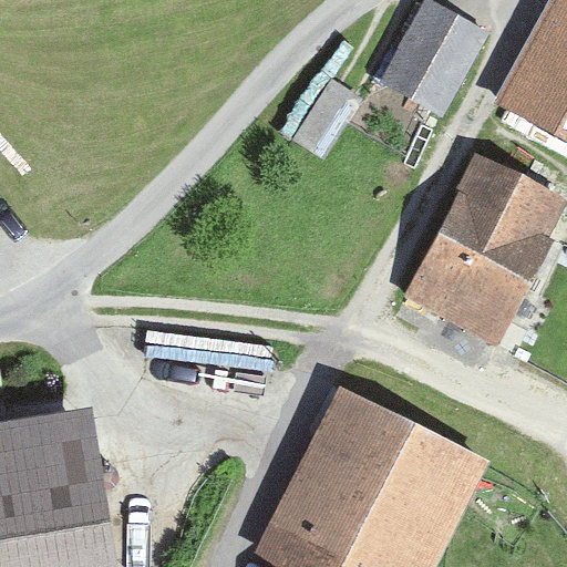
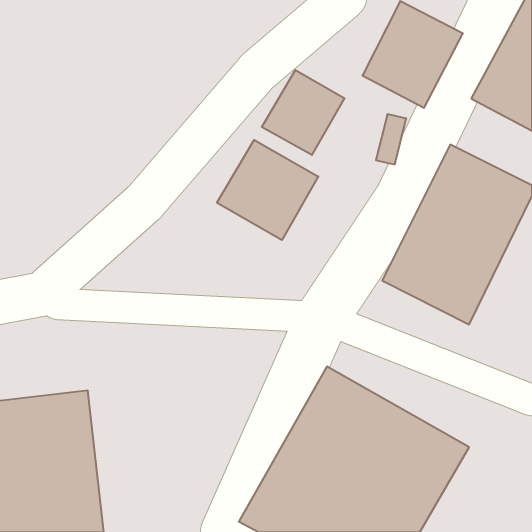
building: none -> [217,140,318,240]

